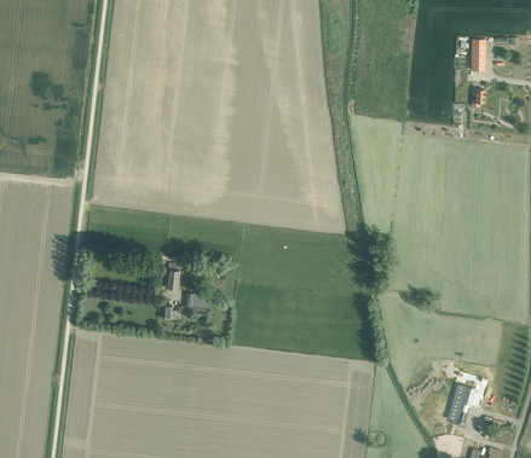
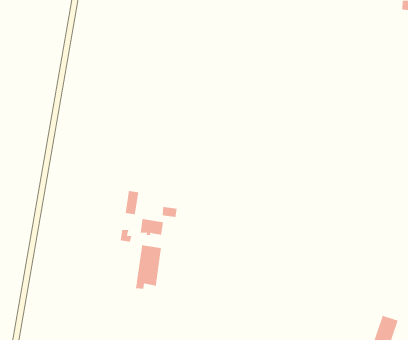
building: none -> [135,244,162,290]

